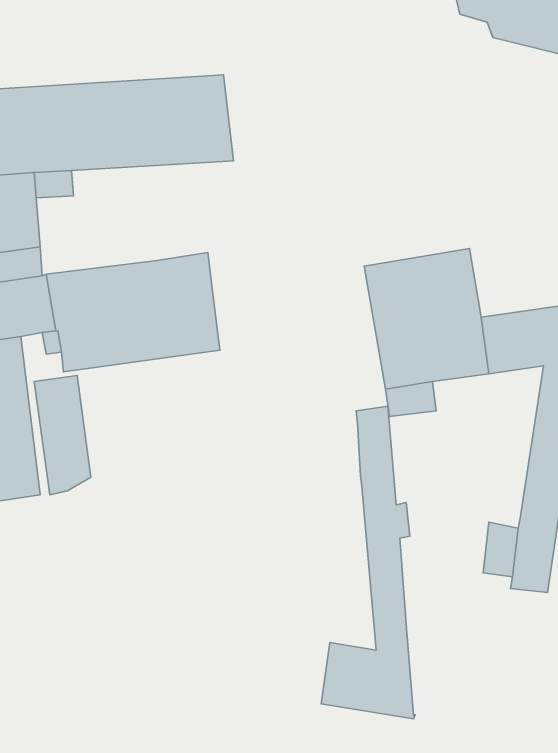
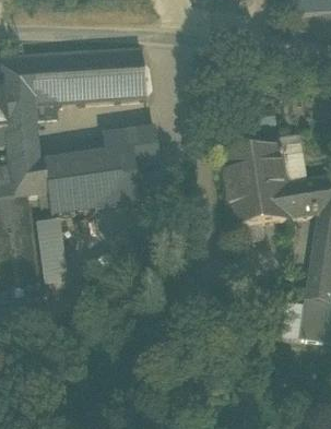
building: none -> [102,123,158,164]
building: [321,406,415,719] -> none

